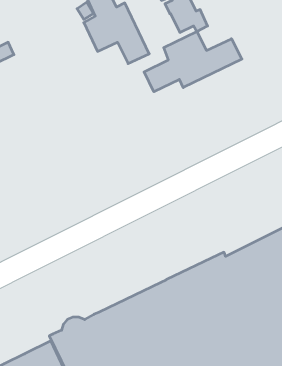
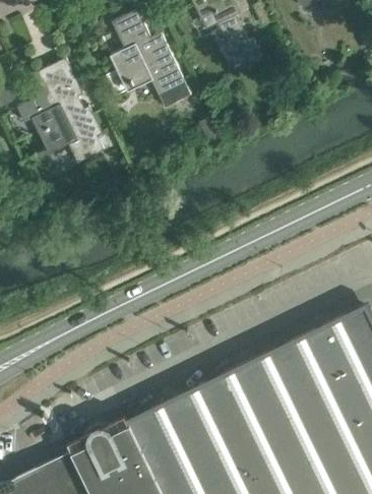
building: none -> [19,59,106,165]
building: [144,32,242,92] -> none

